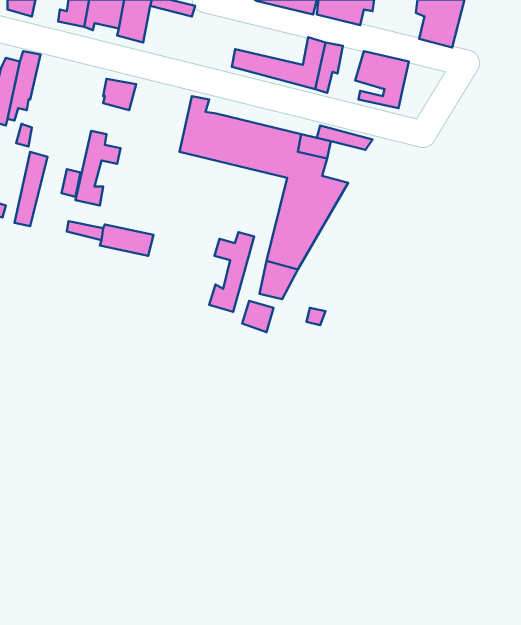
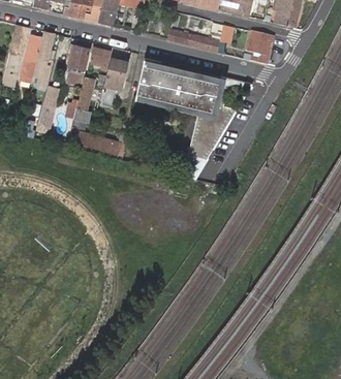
building: none -> [64,44,89,84]
building: none -> [99,58,127,105]
building: [209,232,254,312] -> none

